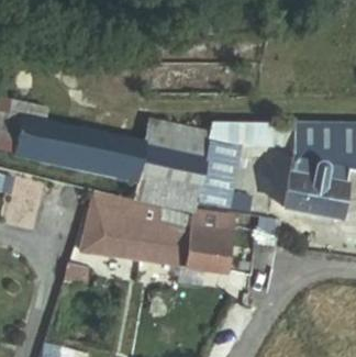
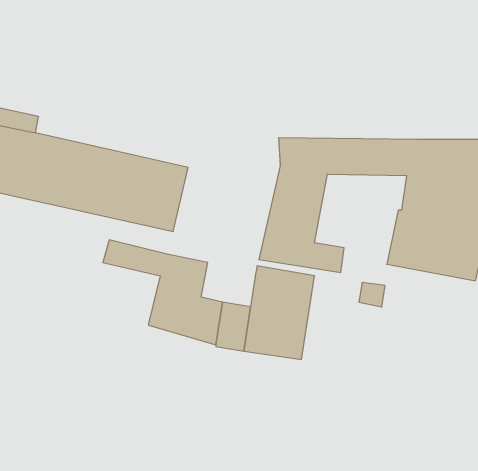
building: [136,127,211,213] -> none
building: [85,205,131,246] -> none

